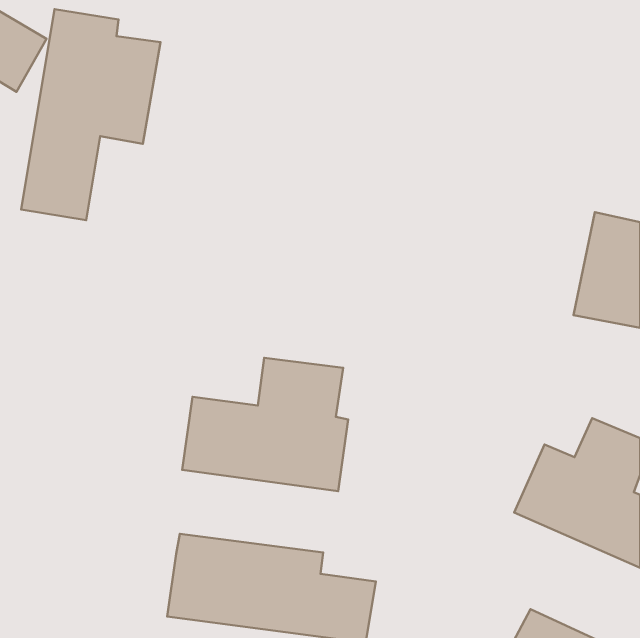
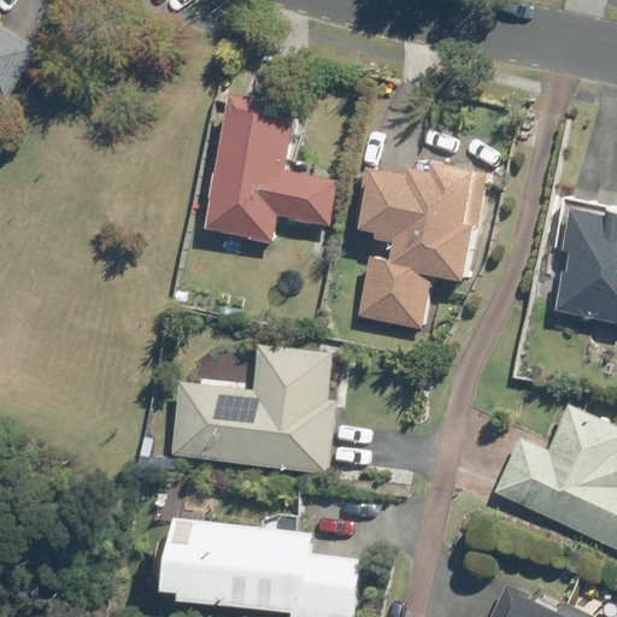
building: [21,9,161,220] -> none
building: none -> [205,104,334,237]
building: none -> [360,160,482,328]

